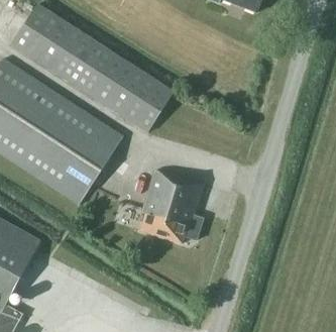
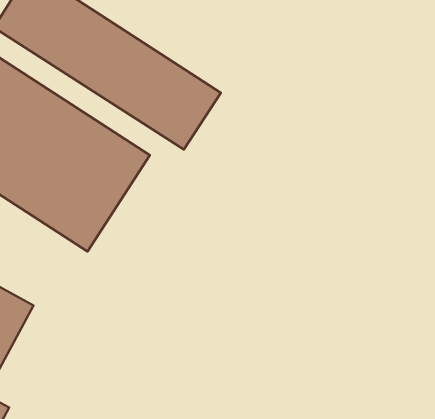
building: [139,169,203,242] -> none

